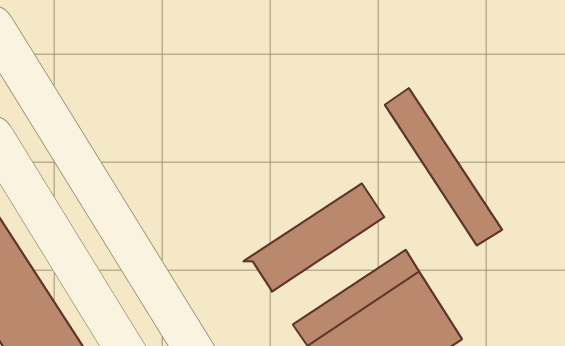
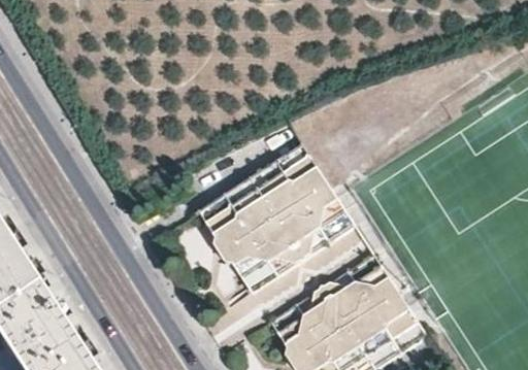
building: [385,88,502,246] -> none
building: none -> [201,147,336,268]

